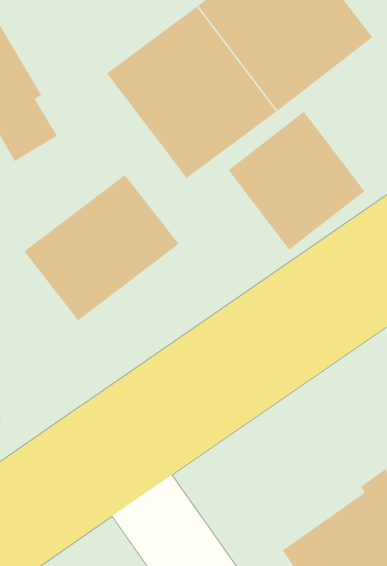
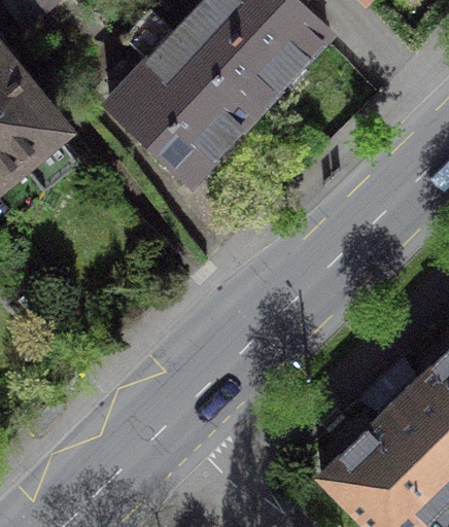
building: [228,111,365,250] -> none
building: [24,174,179,321] -> none

